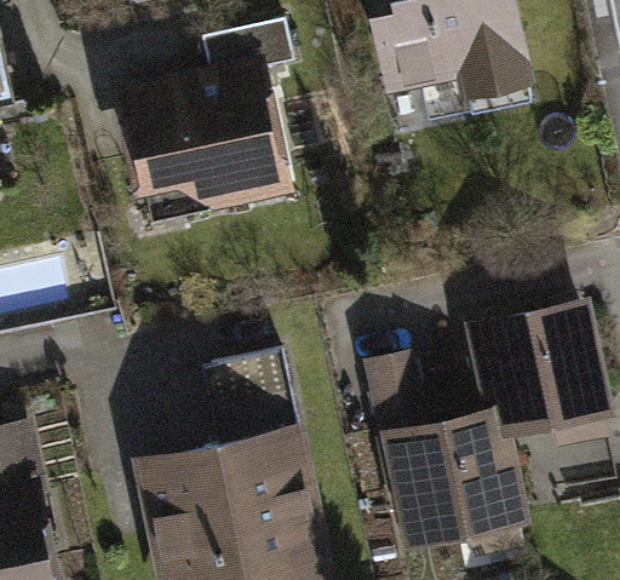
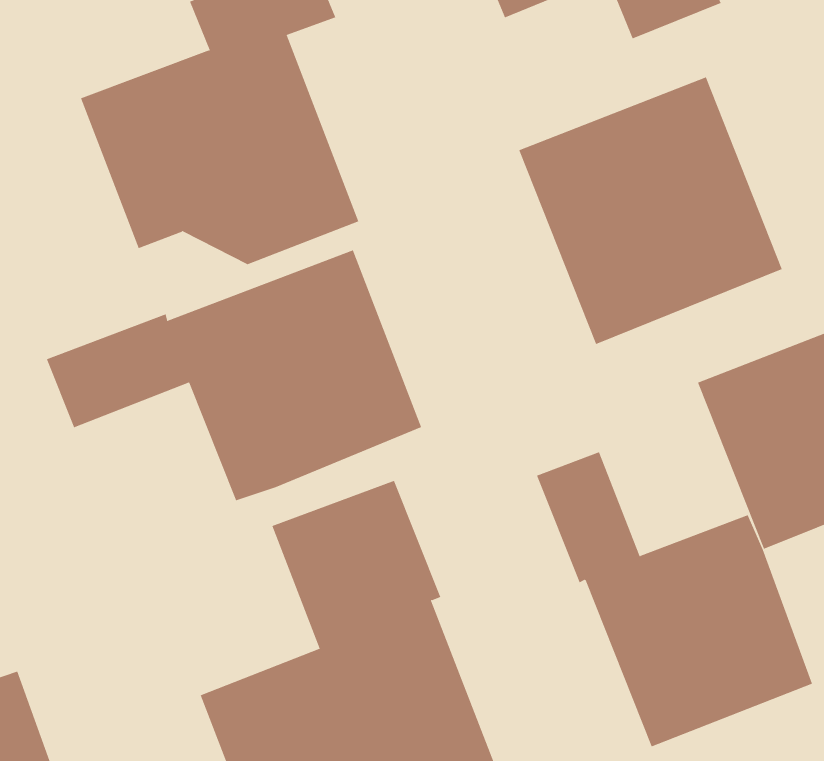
building: none -> [519,77,782,345]
building: none -> [46,249,422,501]

